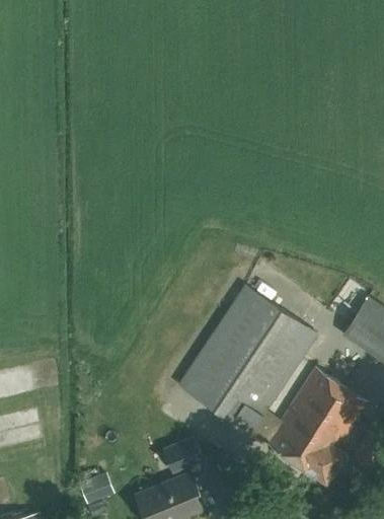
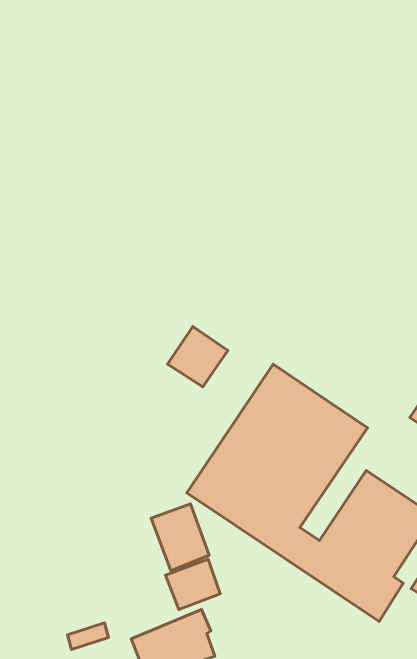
building: none -> [167,326,228,387]
building: none -> [151,504,209,571]

